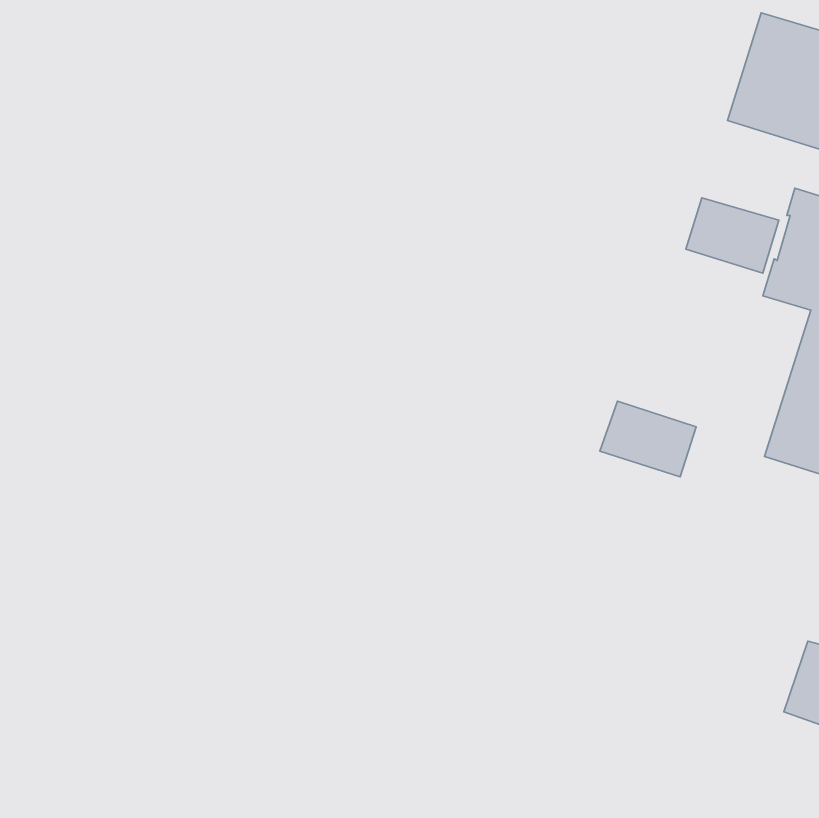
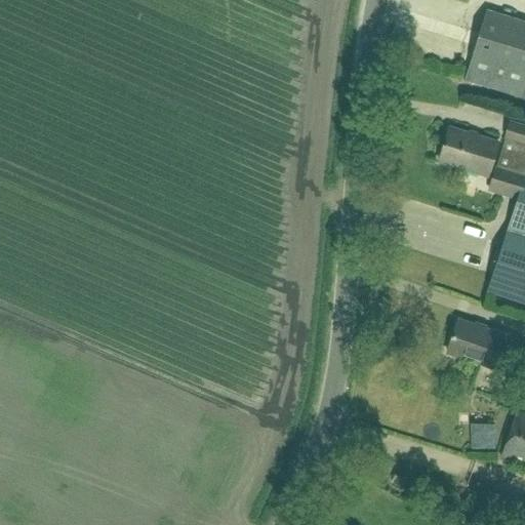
building: [600,401,696,477] -> [447,319,509,367]
building: none -> [472,427,496,450]

